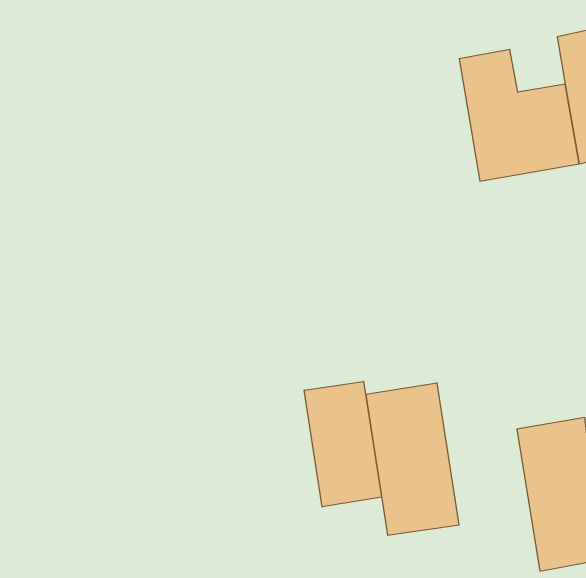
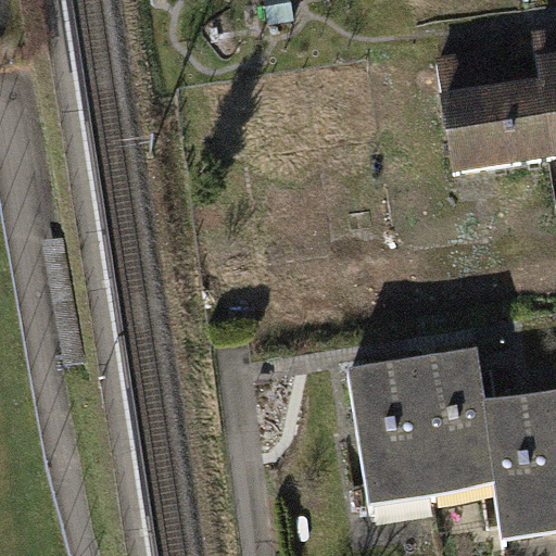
building: none -> [415,350,503,494]
building: [304,381,381,507] -> none

